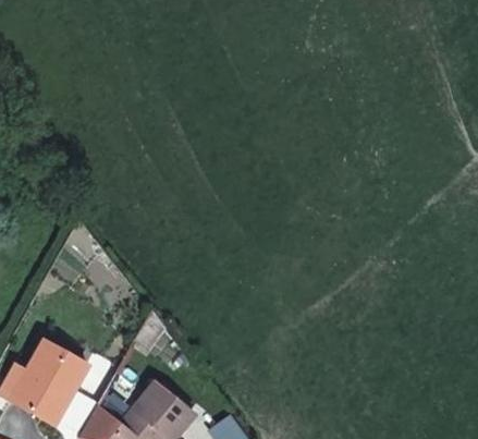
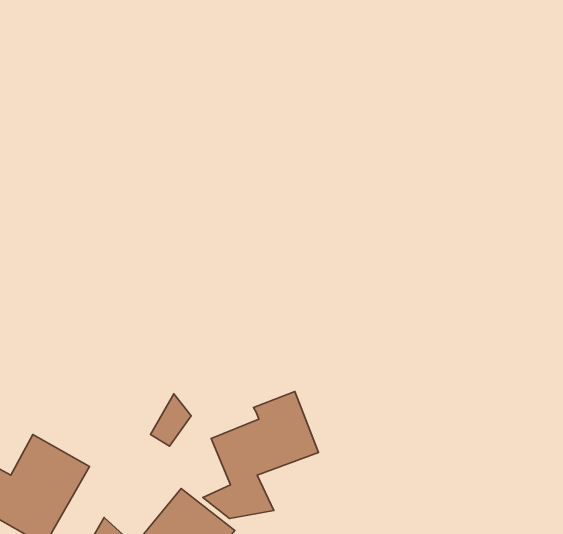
building: none -> [203,392,318,518]

